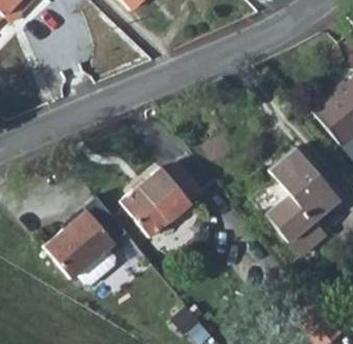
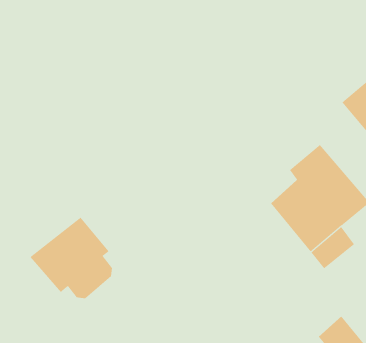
building: [121,160,203,233] -> none

